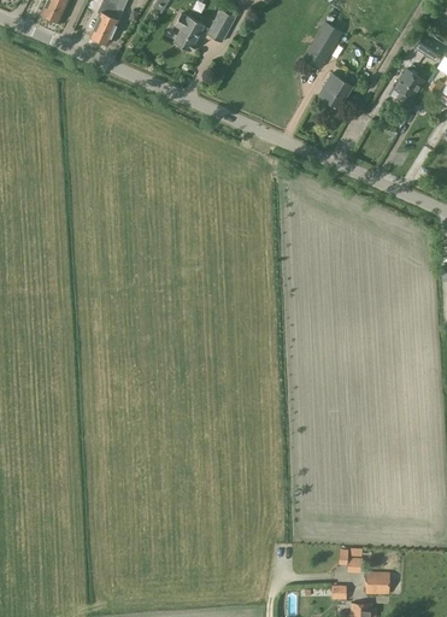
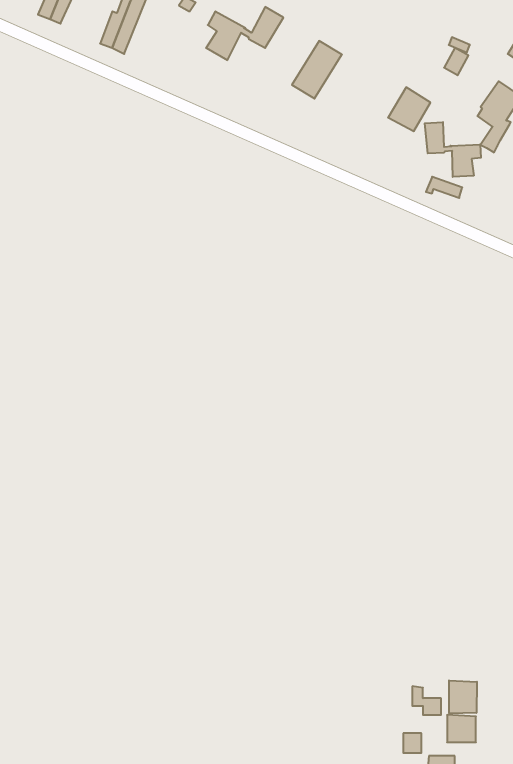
building: [304,20,343,66] -> [292,41,342,99]
building: none -> [425,122,481,177]
building: none -> [449,680,477,713]

